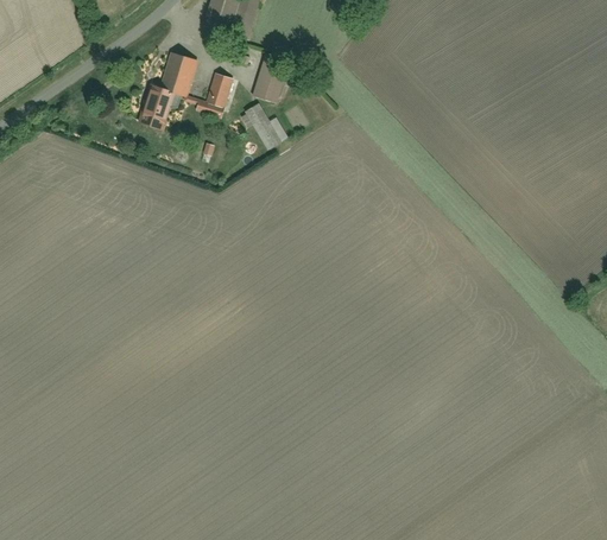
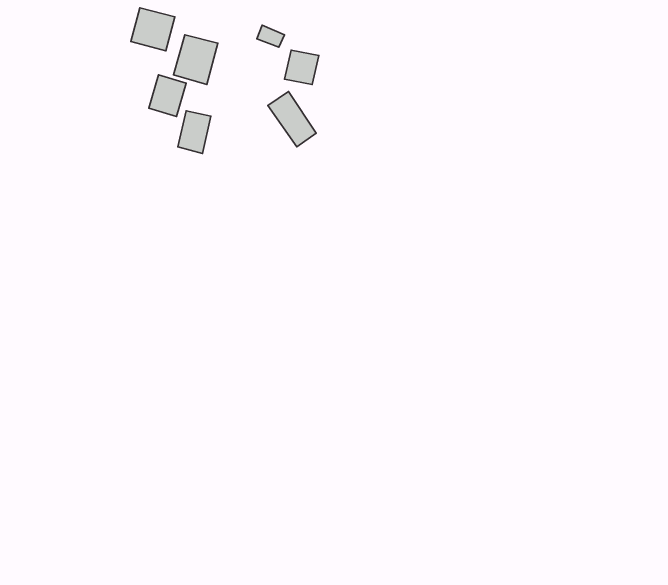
building: none -> [131,8,175,51]
building: [206,74,234,110] -> [178,111,211,154]

